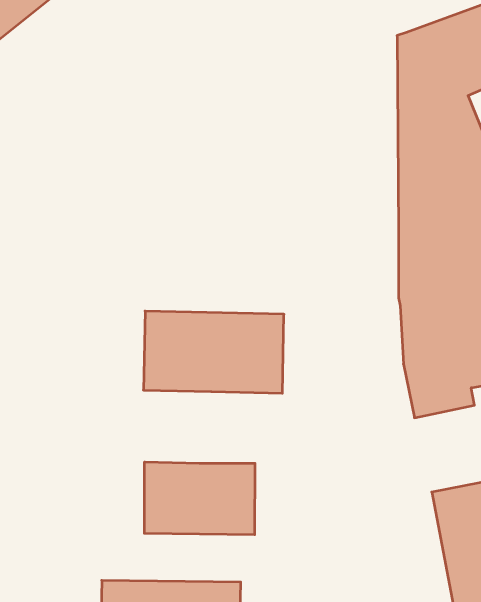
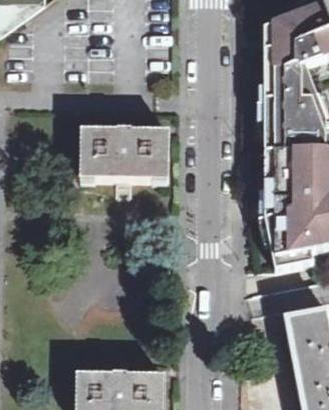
building: [143,311,284,393] -> [79,125,169,177]
building: [144,462,255,535] -> none

